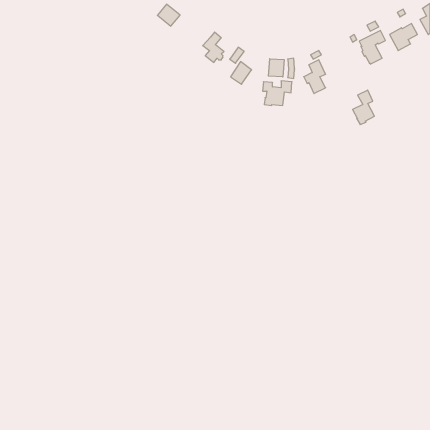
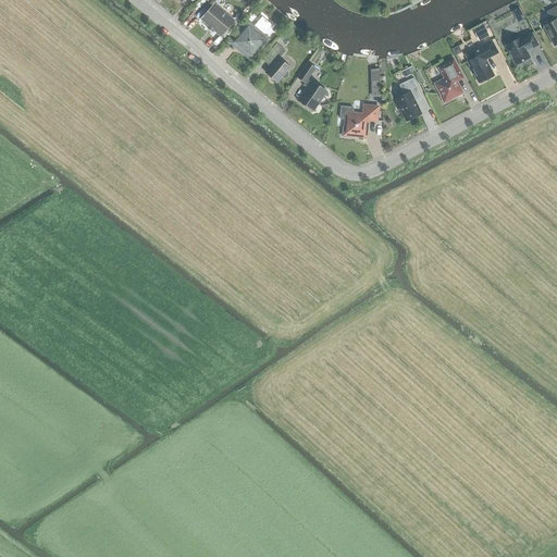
building: none -> [230,21,269,59]
building: [268,59,284,77] -> none
building: [353,90,374,125] -> [434,58,462,102]

